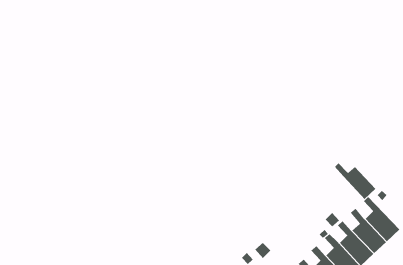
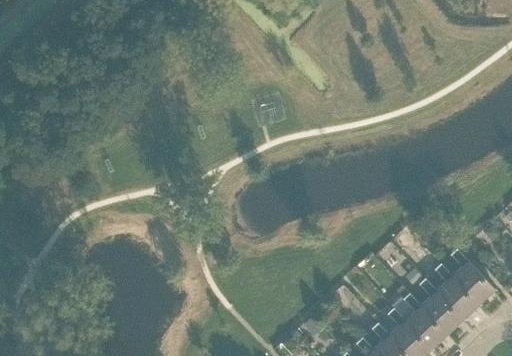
building: [334,162,376,200] -> none

